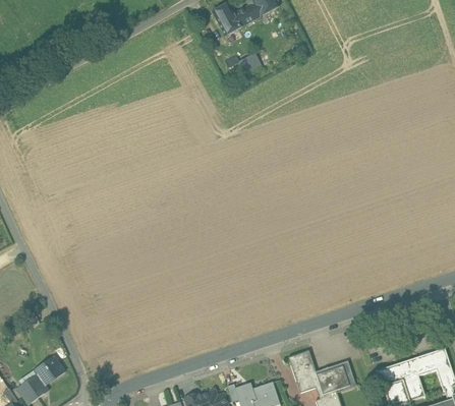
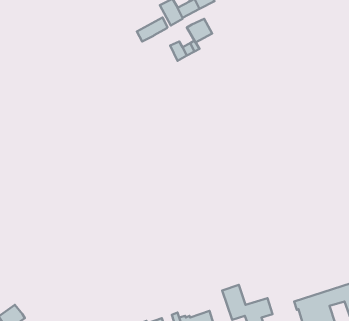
building: none -> [137,17,167,42]
building: none -> [187,19,212,43]
building: [34,354,65,385] -> none

